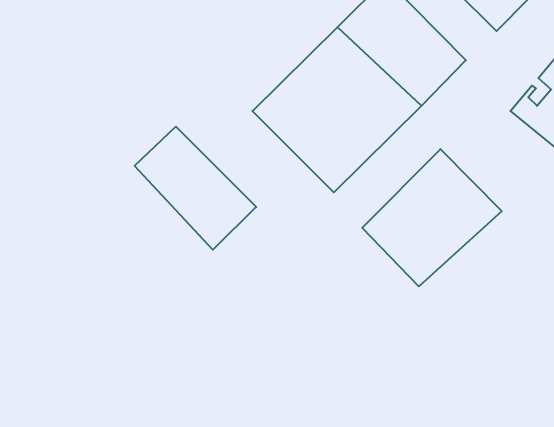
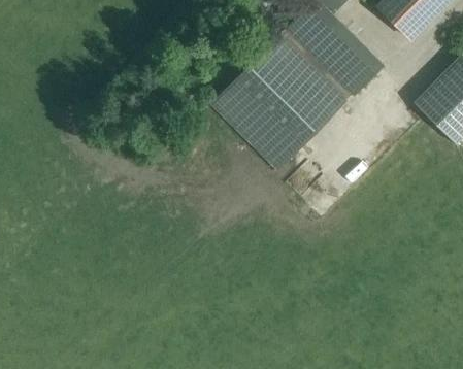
building: [135,127,256,250] -> none
building: [362,149,502,286] -> none

